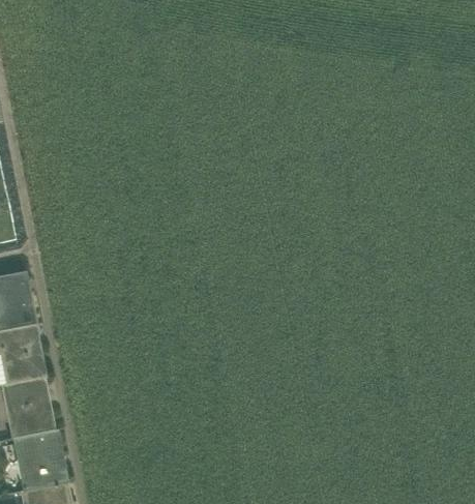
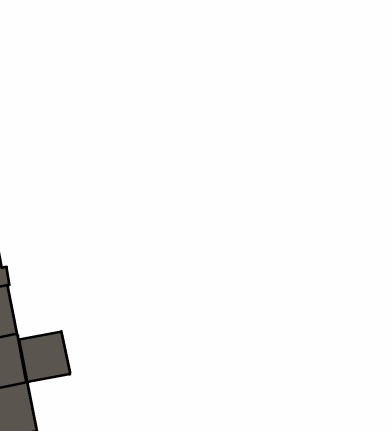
building: none -> [19,331,70,382]

